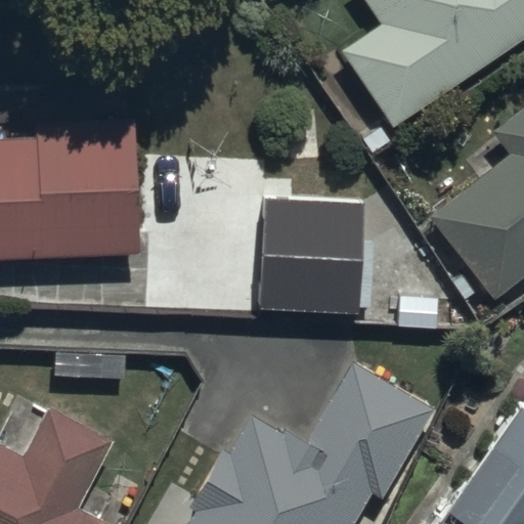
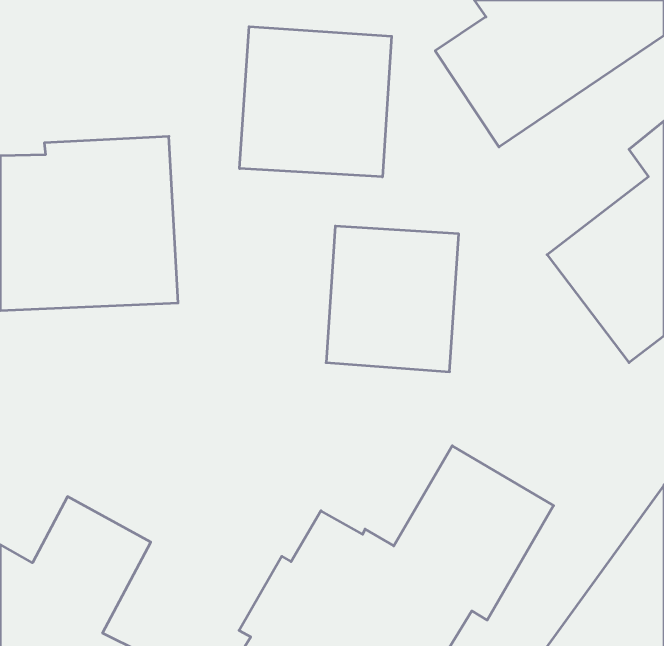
building: none -> [240,27,392,177]

